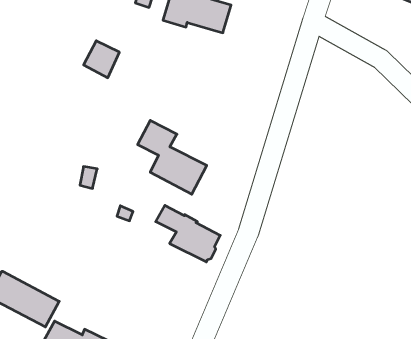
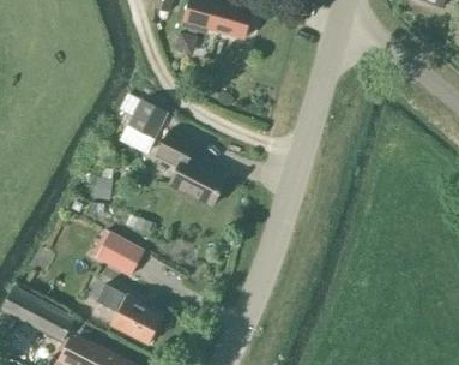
building: [84,41,119,78] -> [128,100,165,138]
building: [156,205,220,262] -> [95,283,162,342]
building: none -> [95,232,143,275]

